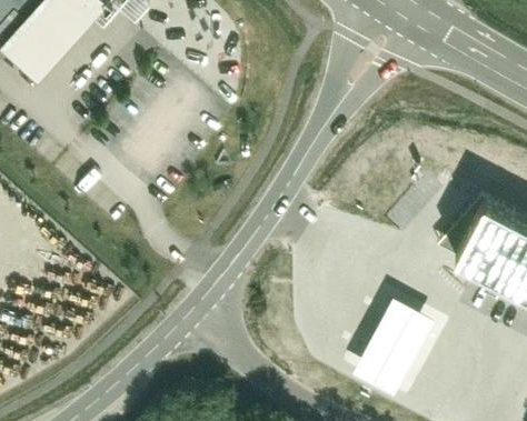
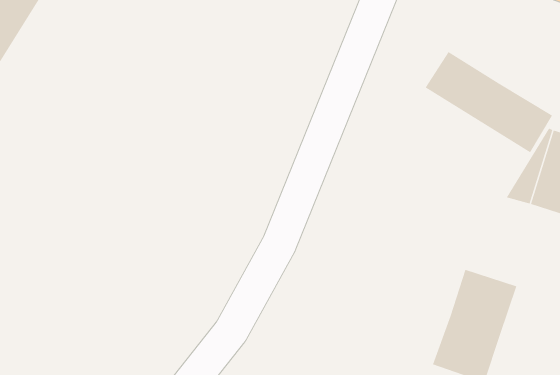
building: none -> [425,51,553,153]

